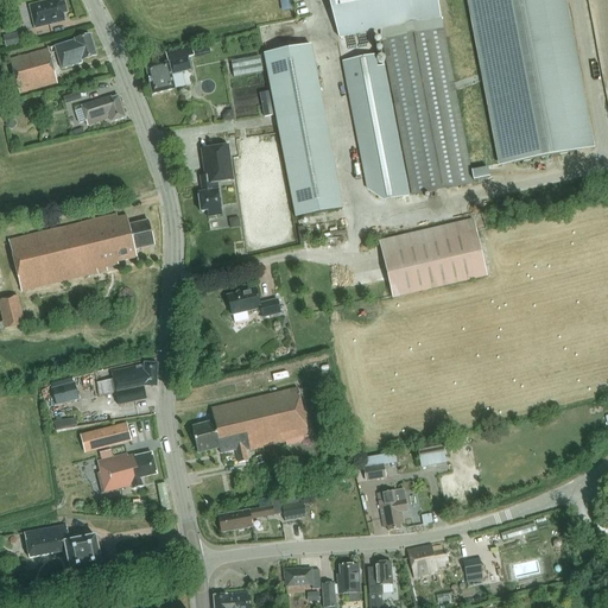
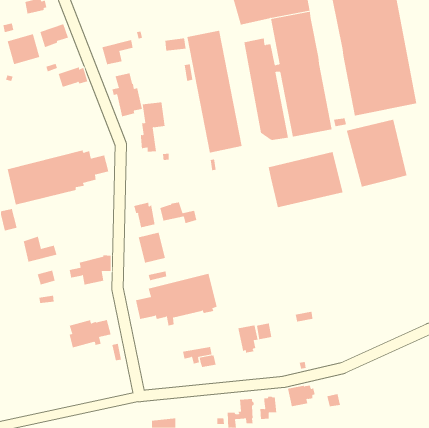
building: none -> [112,72,143,117]
building: none -> [346,119,407,188]
building: none -> [133,202,155,228]
building: none -> [138,232,165,263]
building: none -> [23,236,57,263]
building: [81,422,132,451] -> none
building: [376,488,406,528] -> [238,325,259,353]
building: [217,505,273,531] -> none
building: [25,525,102,575] -> none
building: [283,568,319,587] -> none

